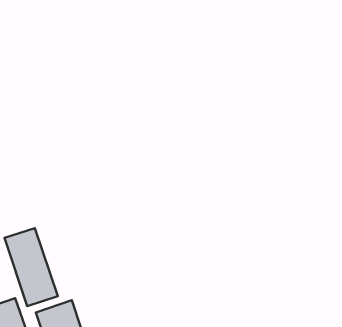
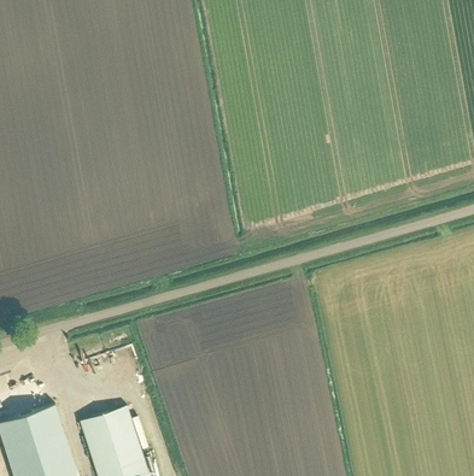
building: [5,228,58,306] -> none

